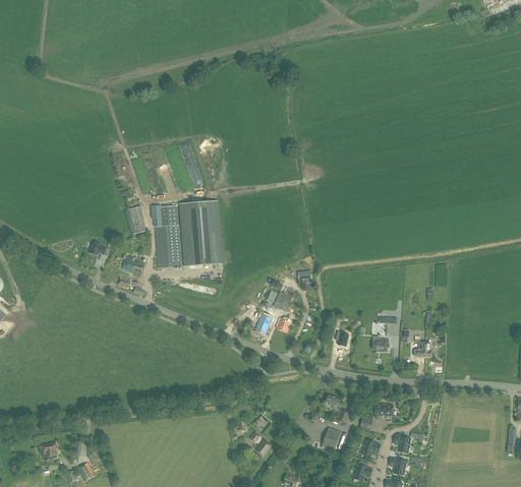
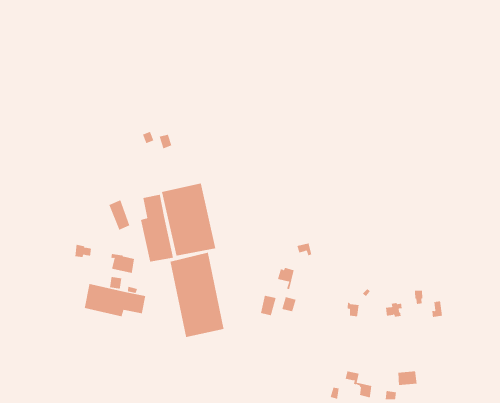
building: none -> [170,252,224,338]
building: none -> [84,283,146,317]

